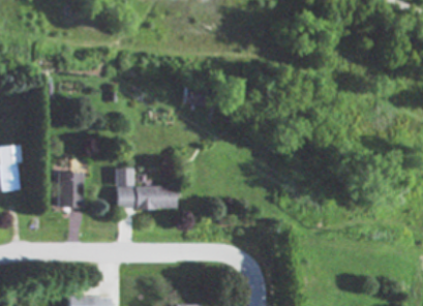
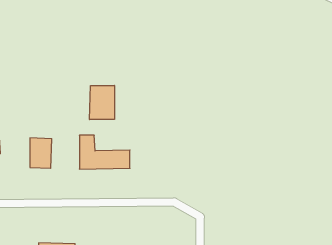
building: none -> [90,85,114,120]

